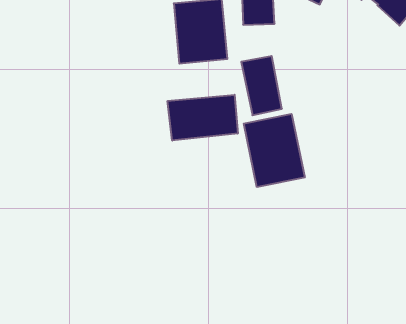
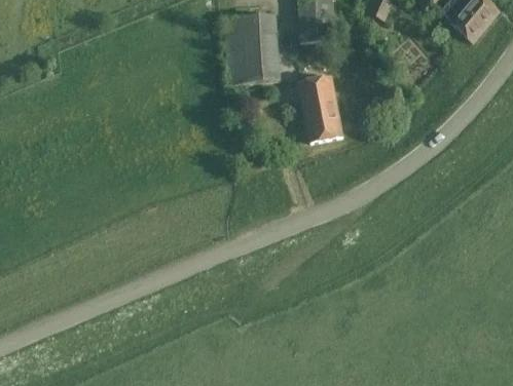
building: [168,95,238,141] -> none
building: [244,114,305,187] -> none

